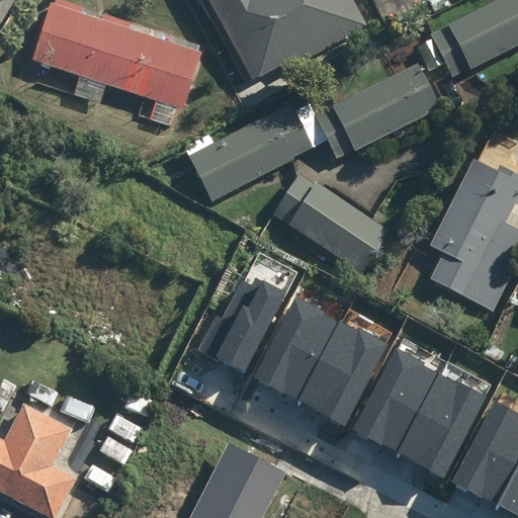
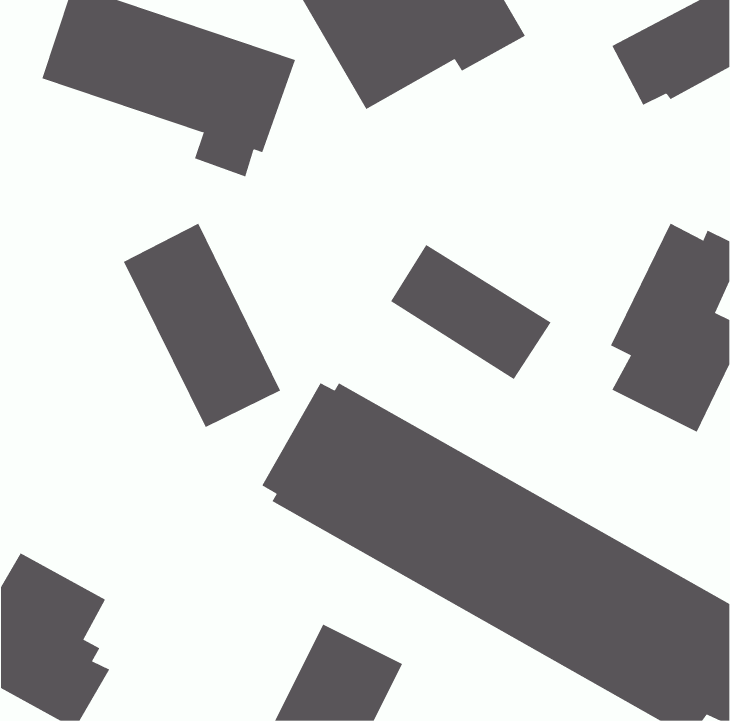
building: [315,61,442,158] -> none
building: [191,104,313,196] -> none
building: none -> [123,223,281,428]

